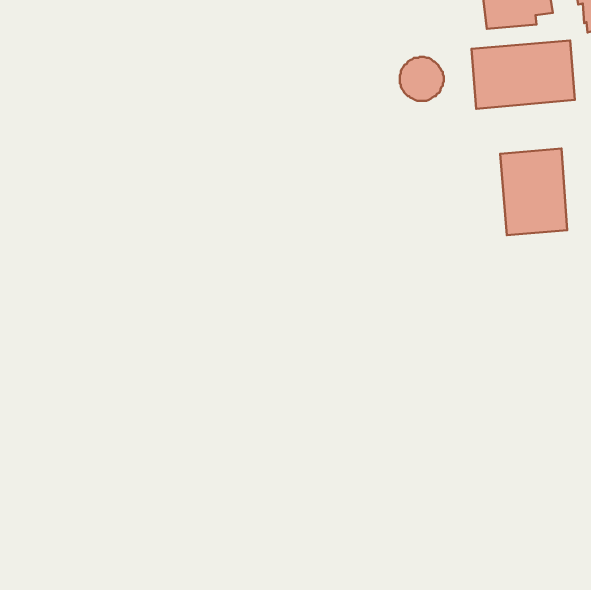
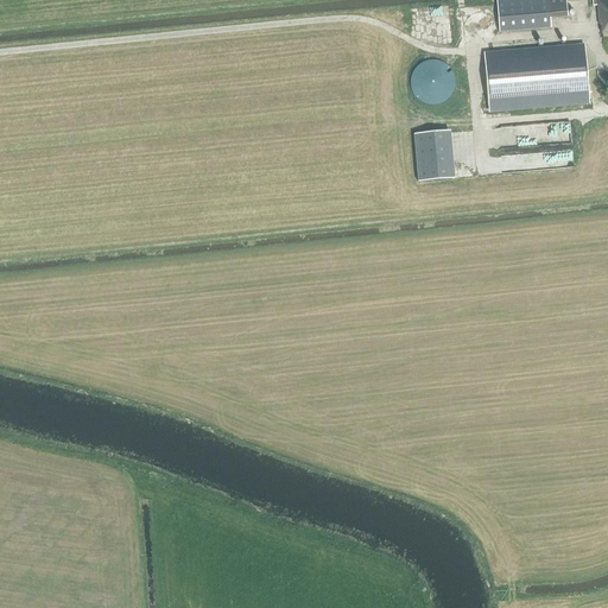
building: none -> [413,129,452,180]
building: [500,148,567,235] -> none

